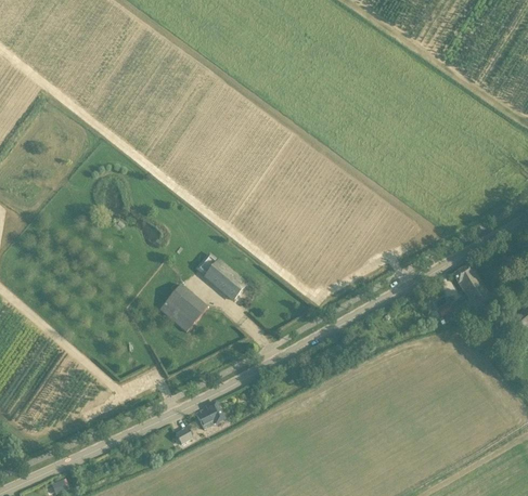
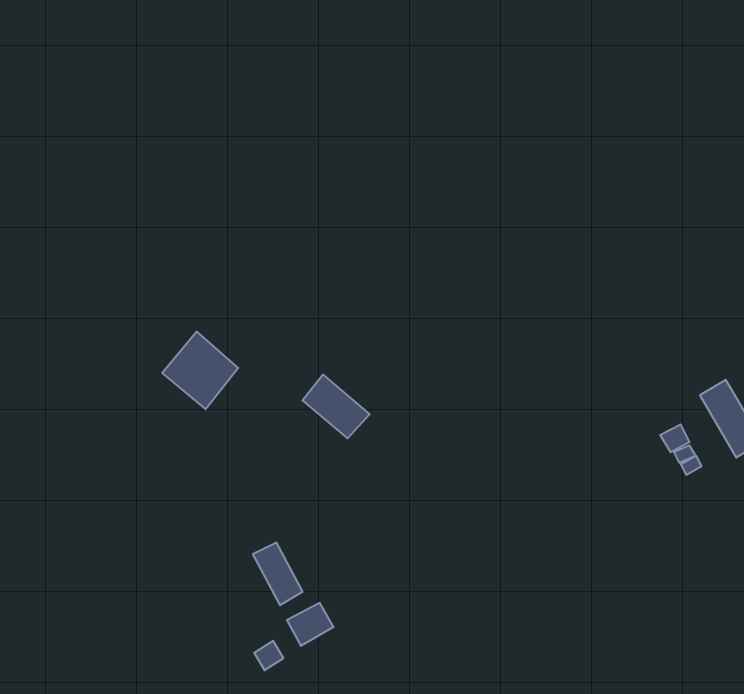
building: [158,284,206,332] -> [162,332,238,409]
building: none -> [253,542,302,605]

